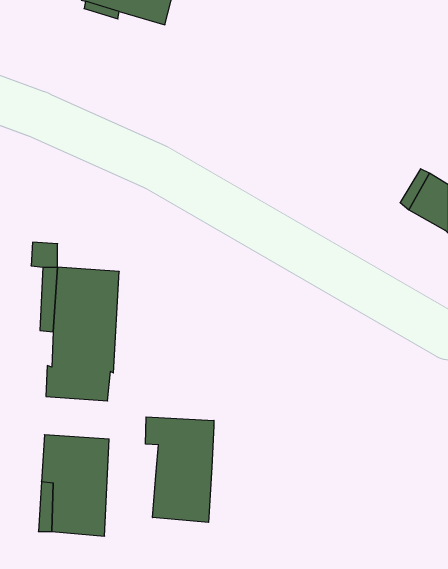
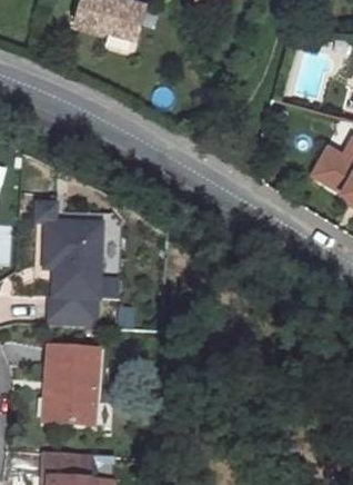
building: [146,417,214,522] -> none

